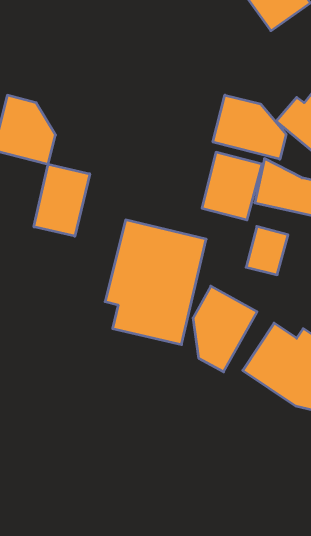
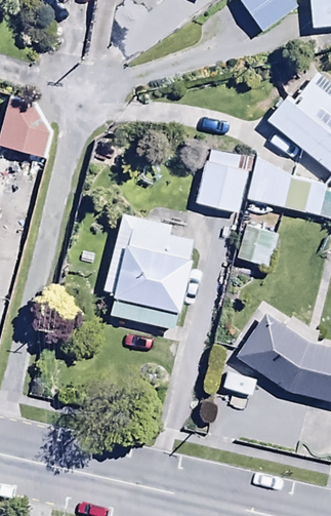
building: [213,95,286,159] -> none
building: [34,164,90,236] -> none
building: [193,286,257,372] -> none

